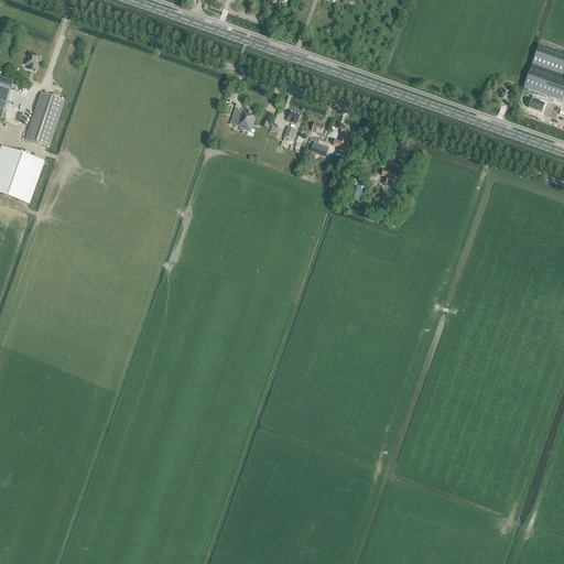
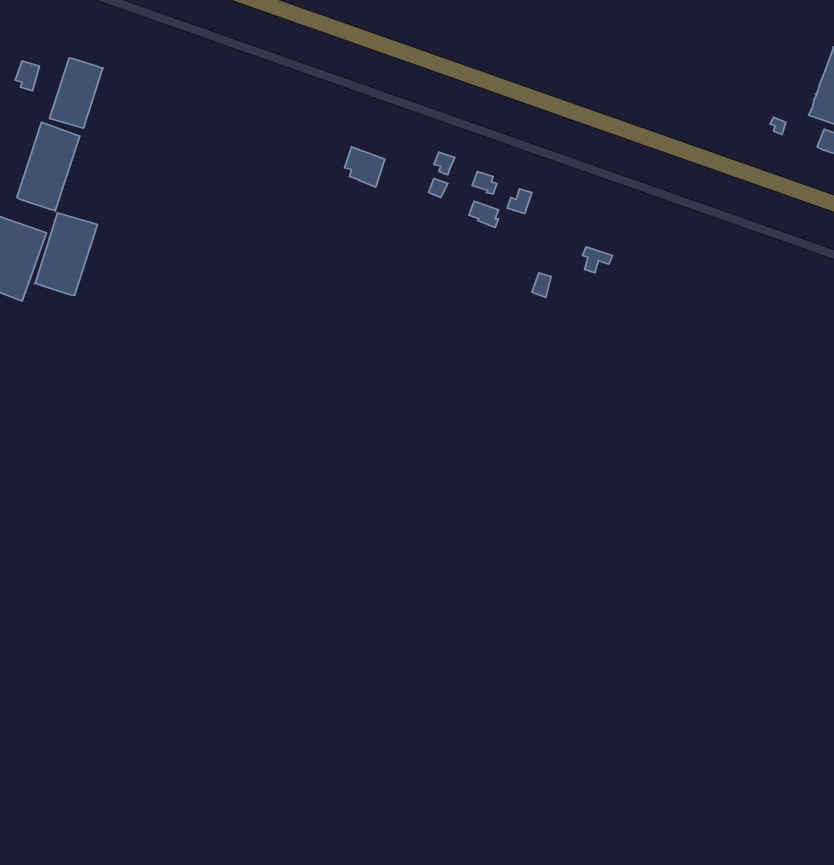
building: none -> [50,58,103,128]
building: none -> [34,213,98,295]

